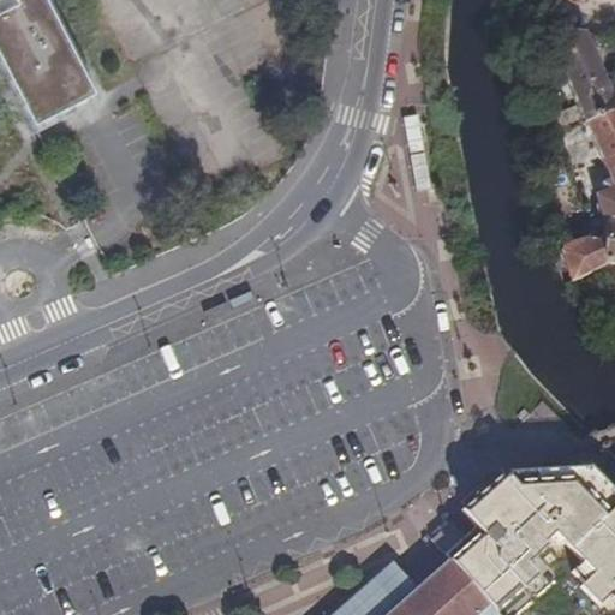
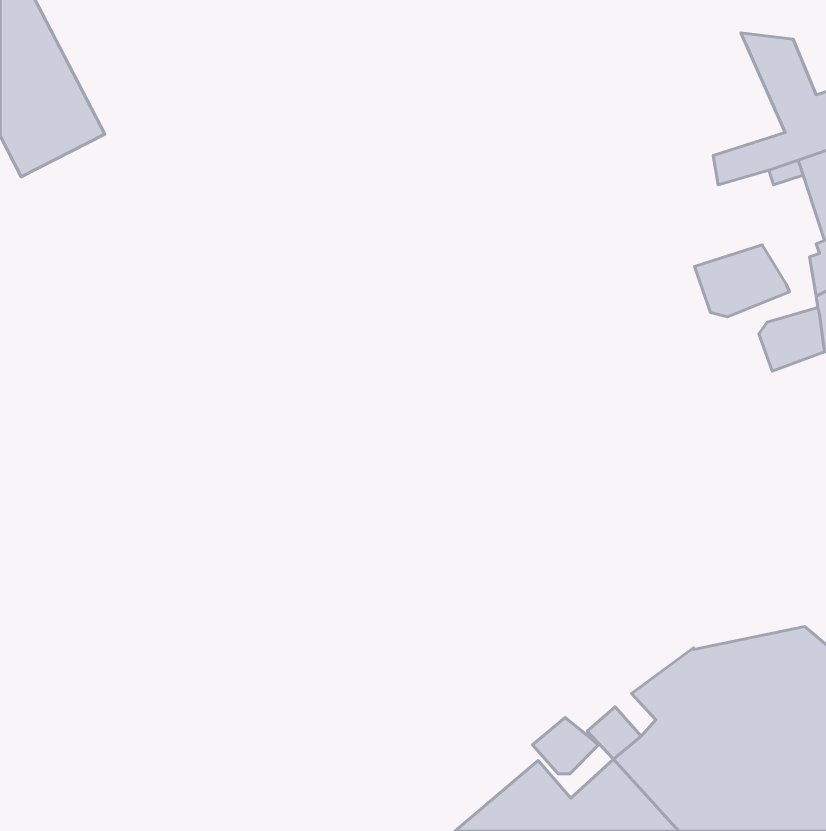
building: none -> [695,245,790,317]
building: none -> [532,718,598,774]

